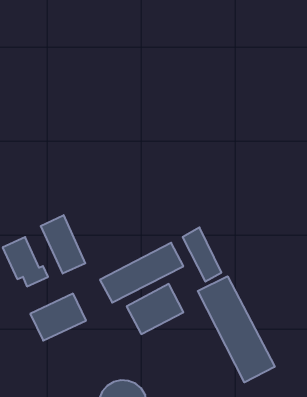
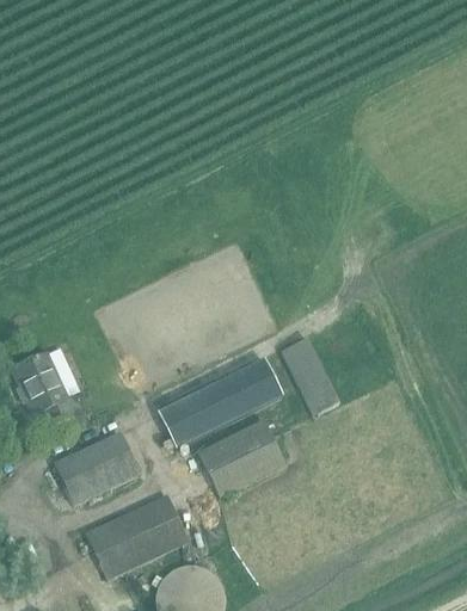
building: [41,215,85,274] -> none
building: [198,276,275,382] -> none
building: none -> [88,495,188,576]

